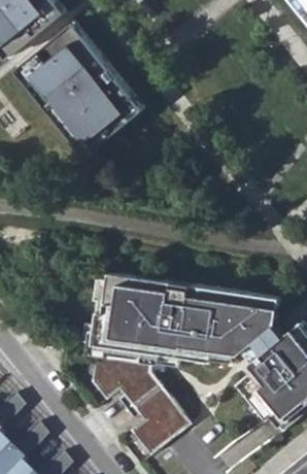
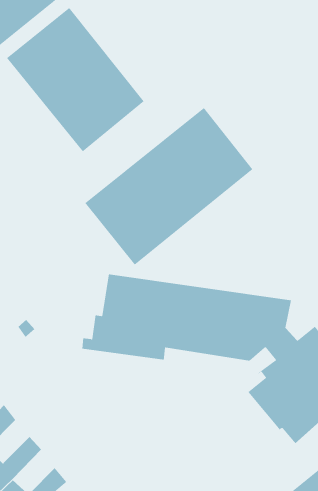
building: none -> [85,107,253,265]
building: [96,356,195,455] -> none

